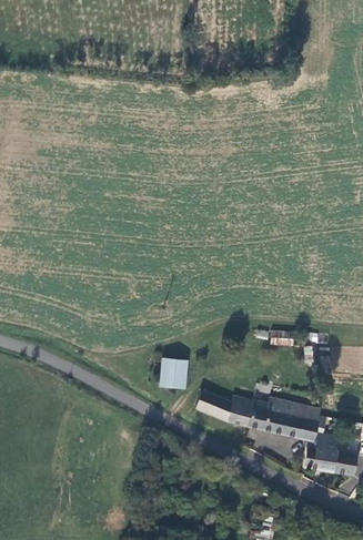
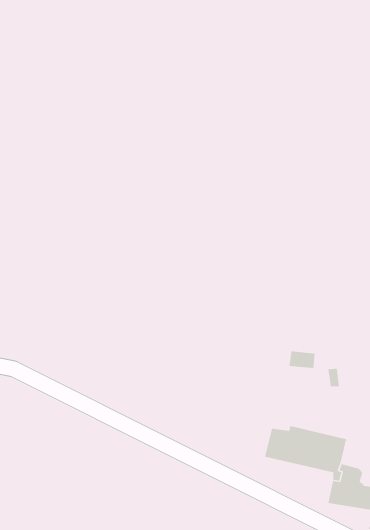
building: [161,359,186,389] -> none
building: [196,389,253,426] -> none

